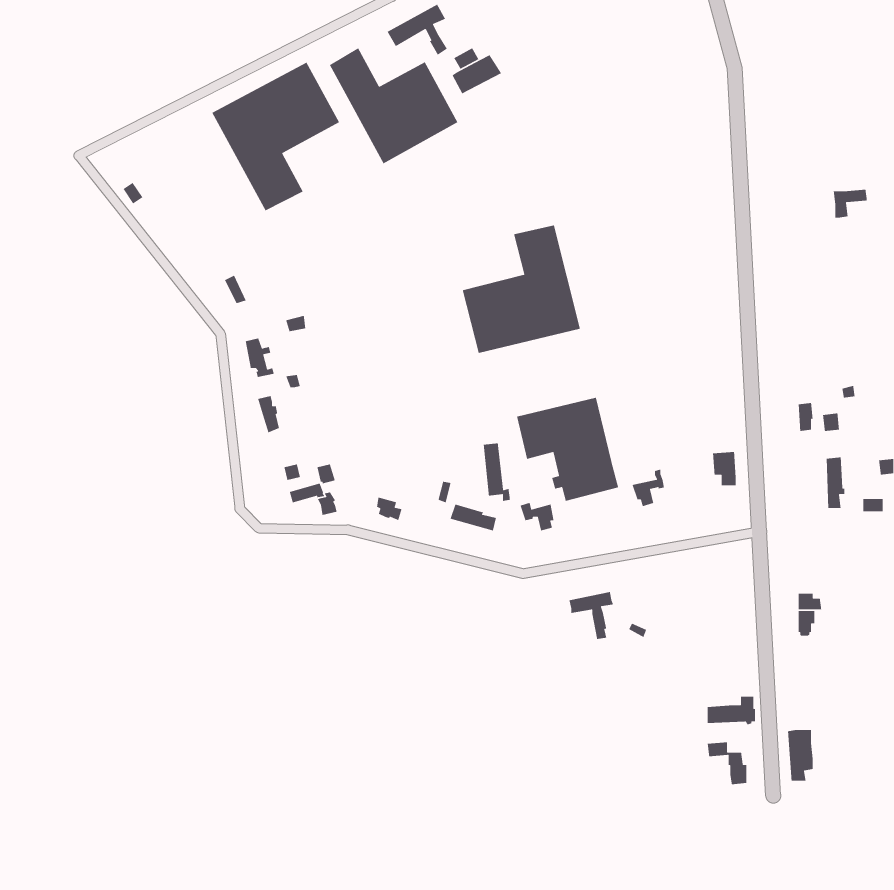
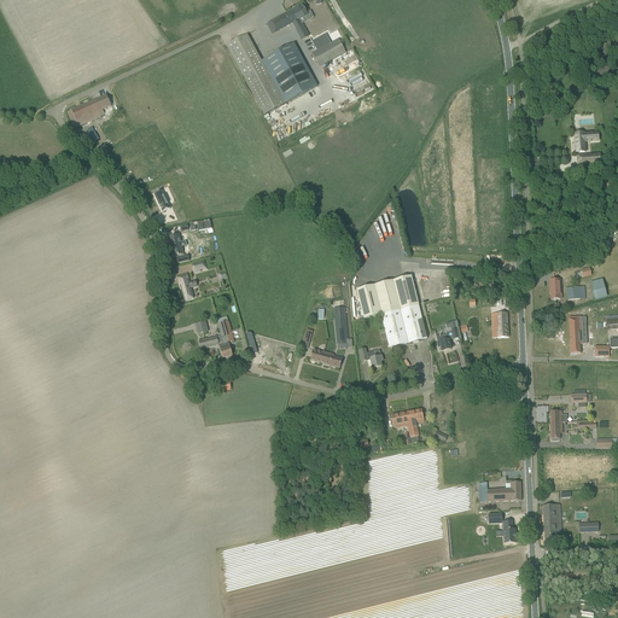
building: [211,62,340,212] -> none
building: none -> [68,93,111,127]
building: [462,225,581,354] -> none

